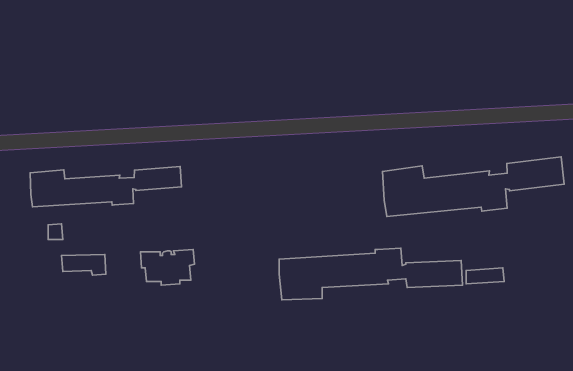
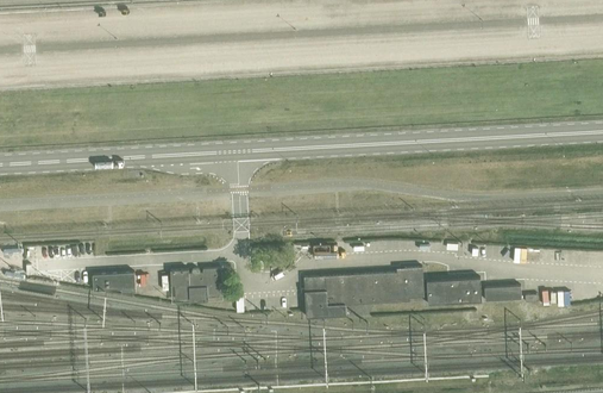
building: [382,157,564,217] -> none
building: [30,166,182,207] -> none

